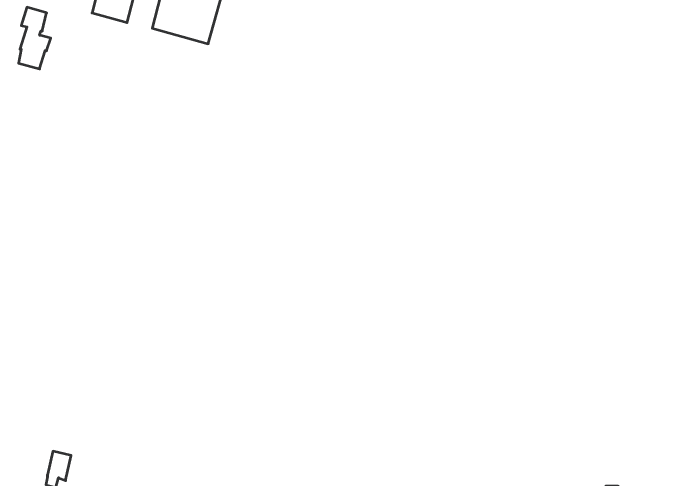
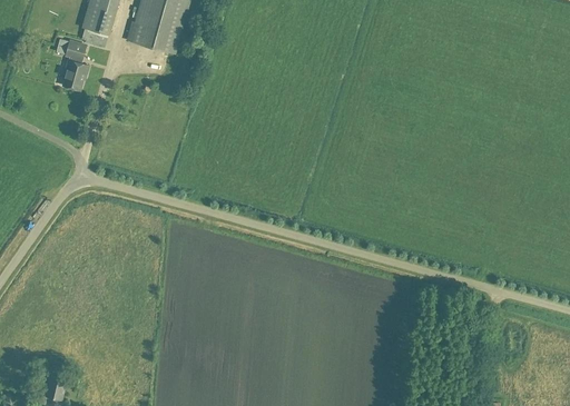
building: [19,7,51,69] -> [61,40,87,89]

